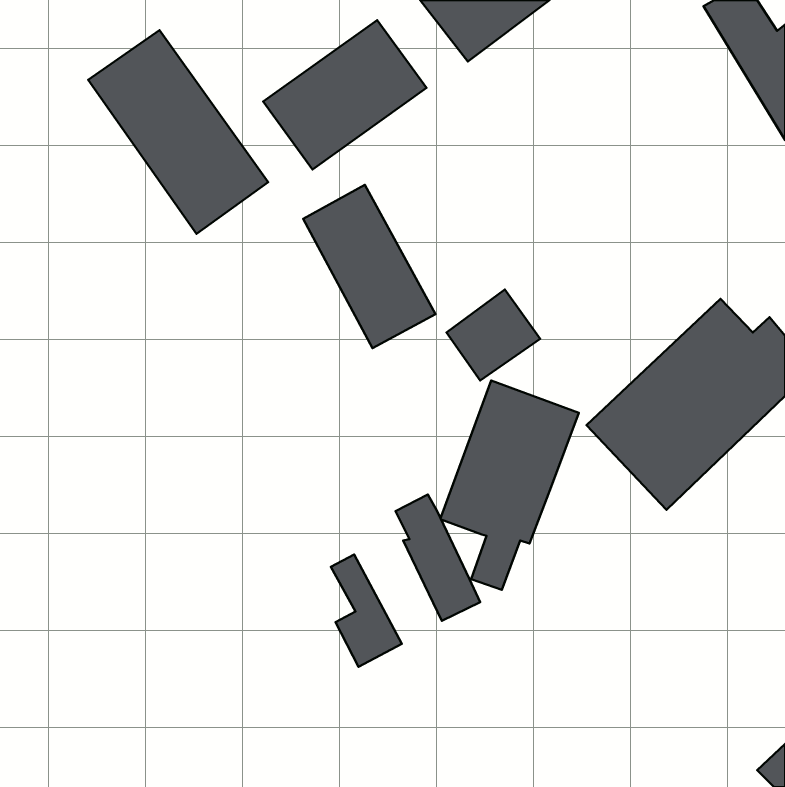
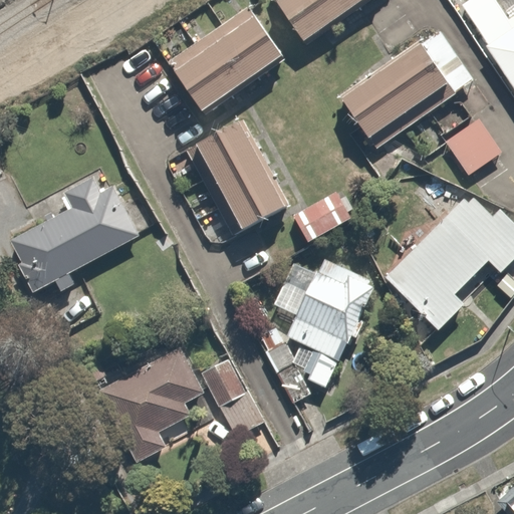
building: [88,30,268,234] -> none
building: none -> [342,28,473,143]
building: none -> [443,118,498,173]
building: none -> [11,178,137,292]
building: none -> [97,343,203,460]

